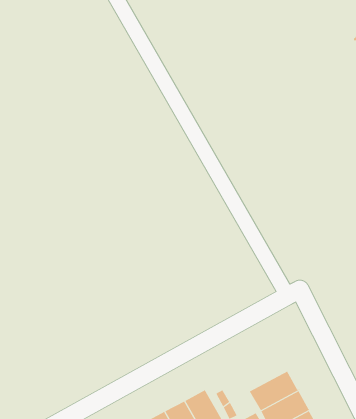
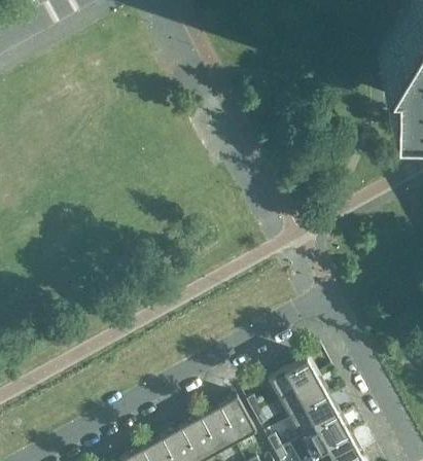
building: none -> [270,359,321,400]

